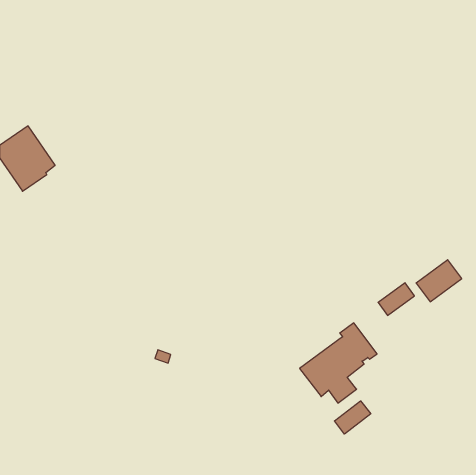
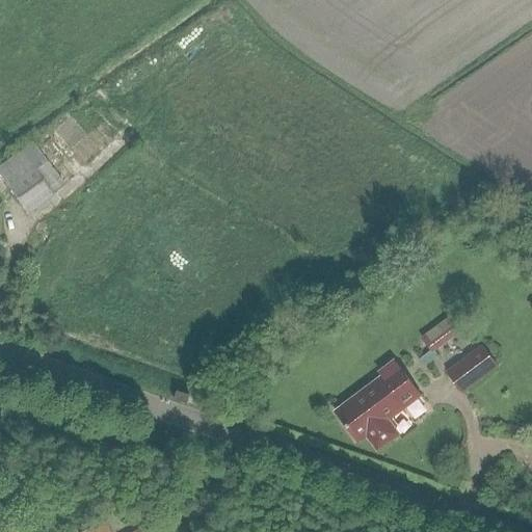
building: [416,260,462,302] -> [446,345,497,392]
building: [334,401,371,434] -> none

